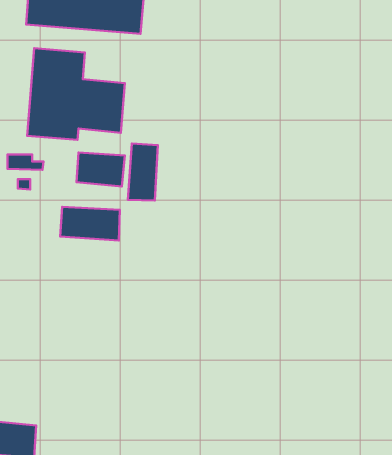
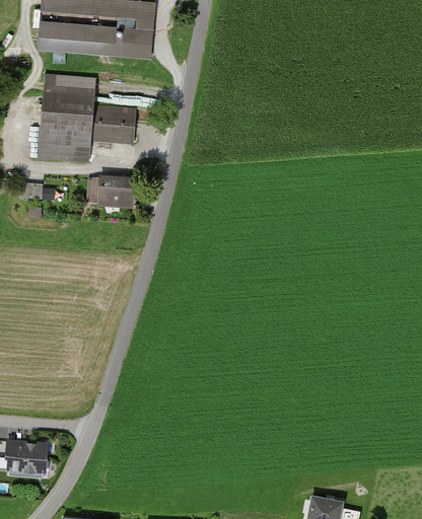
building: [128,143,158,201] -> none
building: [60,207,120,241] -> none

